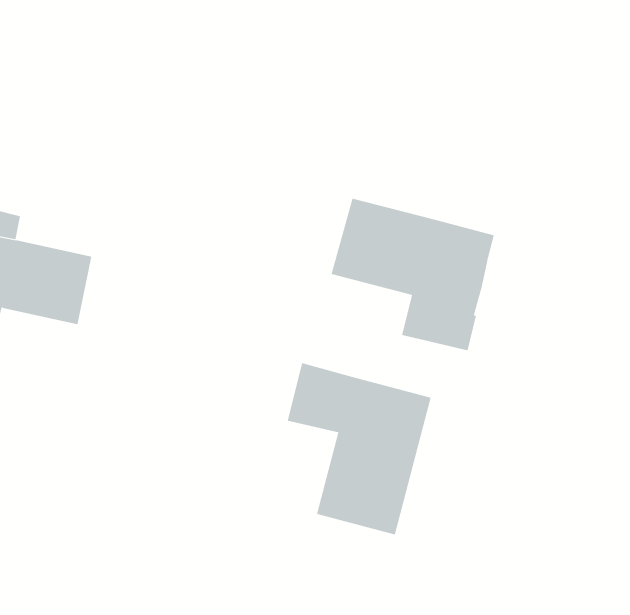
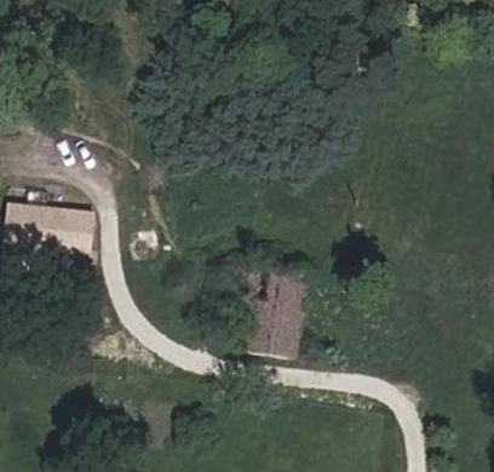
building: [331,198,495,351] -> none

